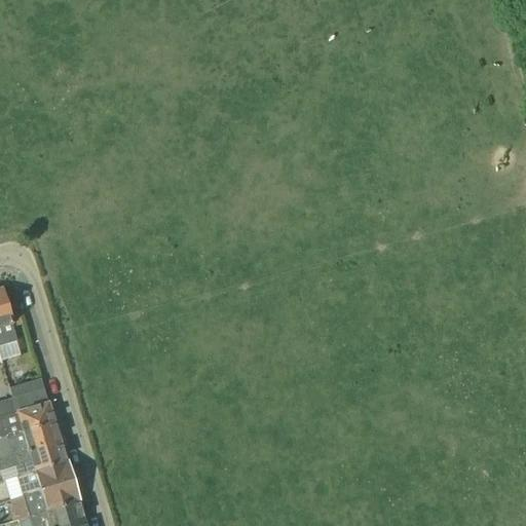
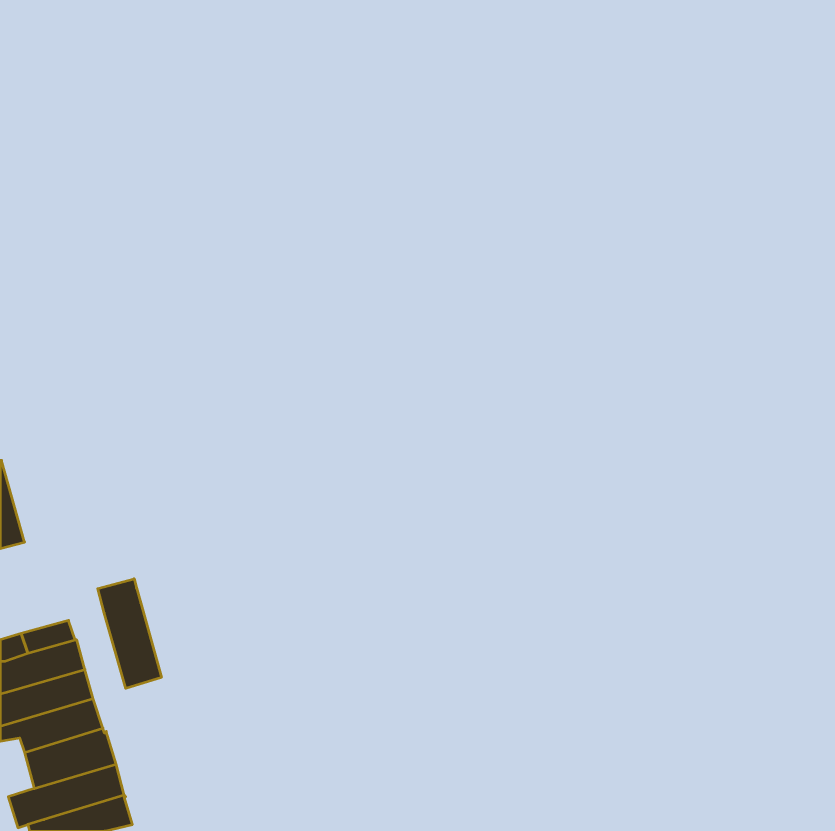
building: none -> [98,579,161,688]

